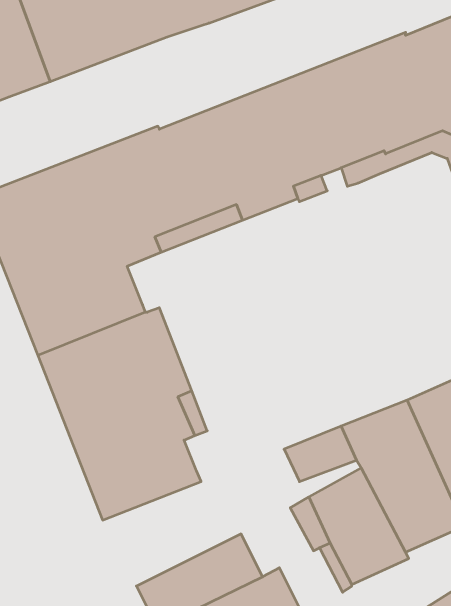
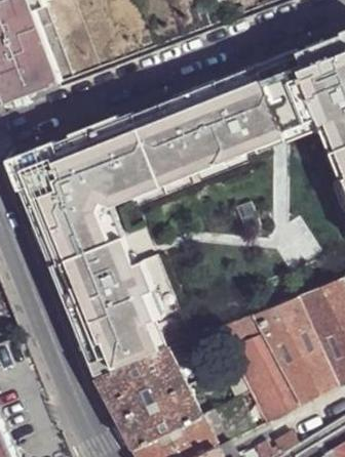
building: none -> [94,347,187,419]

